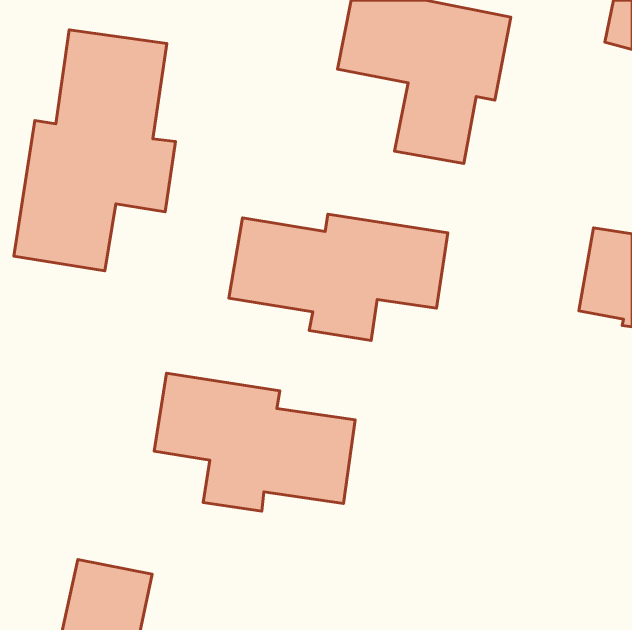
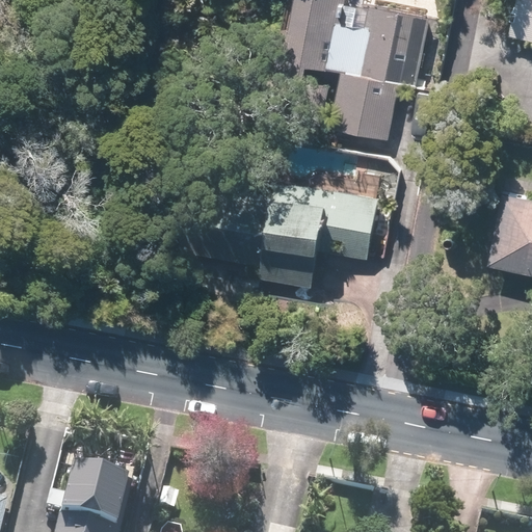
building: [14,30,175,271] -> none
building: [154,373,355,511] -> none

